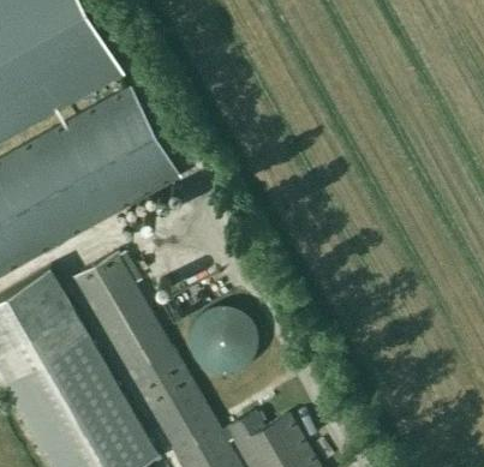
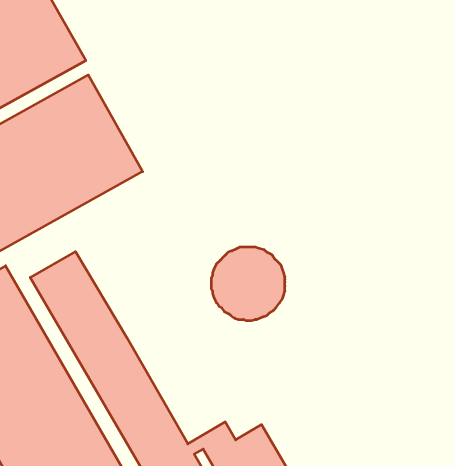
building: [189,306,257,375] -> [211,247,285,321]

